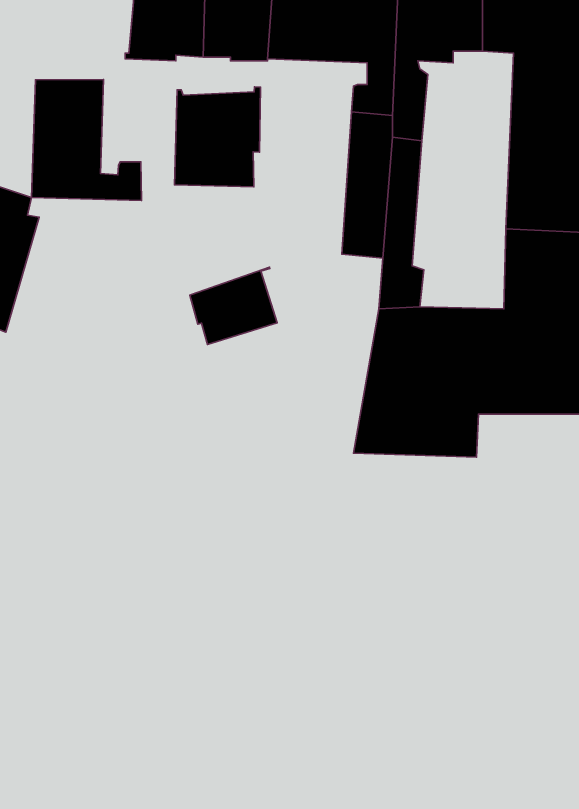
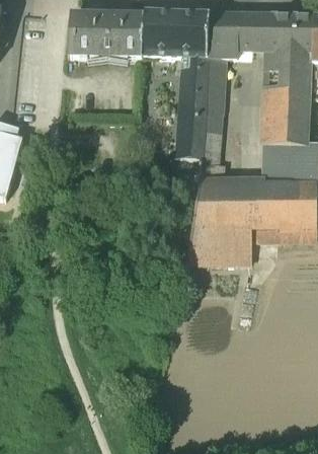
building: [31,80,141,200] -> none
building: [175,87,261,187] -> none
building: [190,267,277,345] -> none

